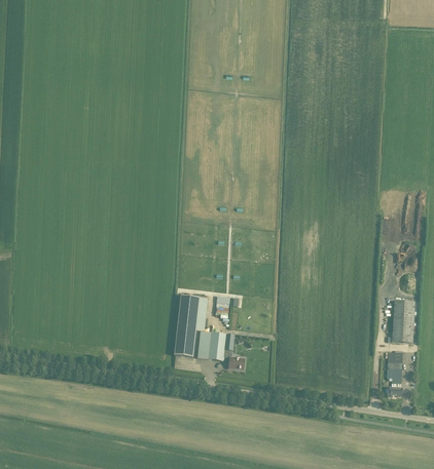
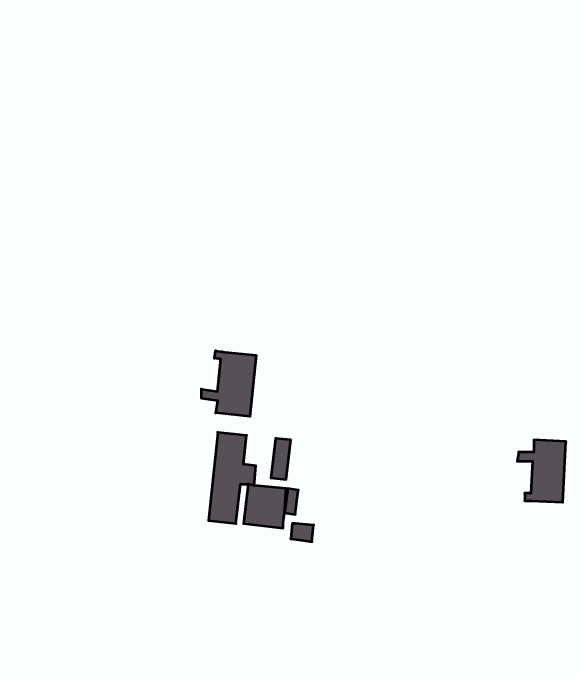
building: none -> [201,351,256,416]
building: [388,351,403,383] -> none

